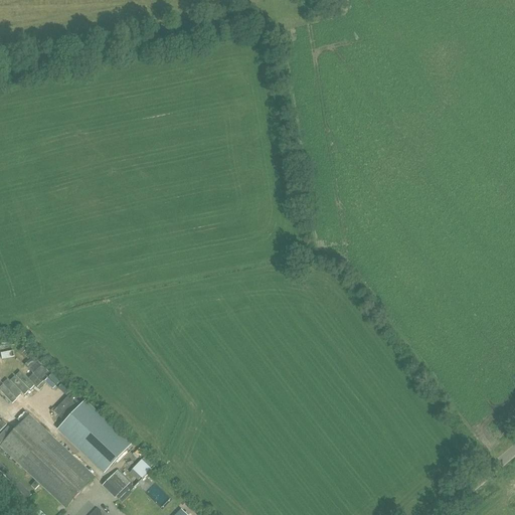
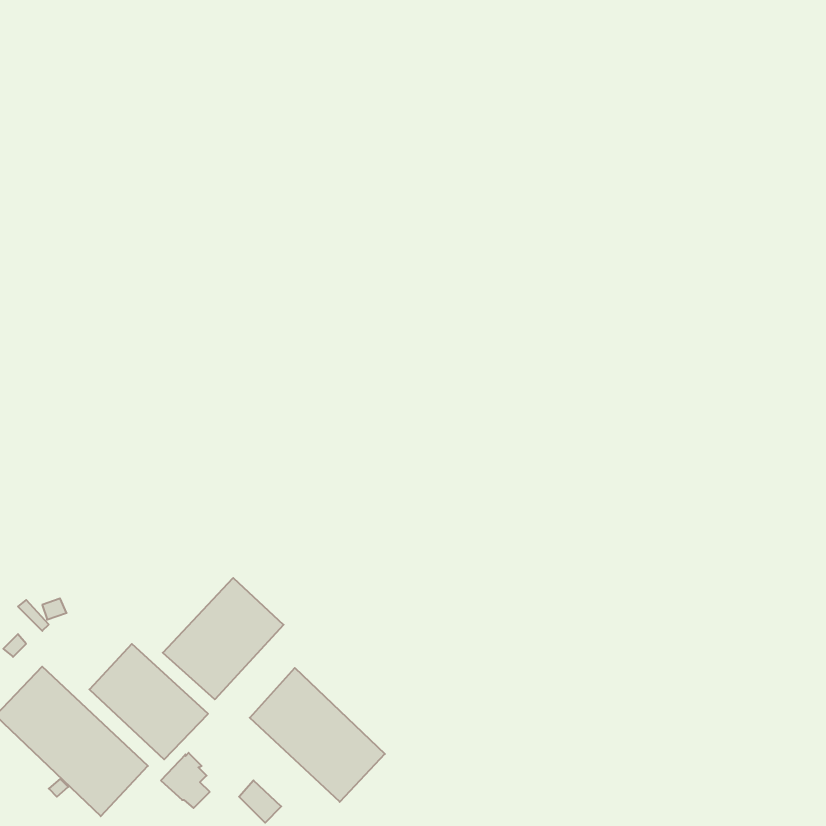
building: none -> [163,578,284,699]
building: none -> [250,668,385,802]

